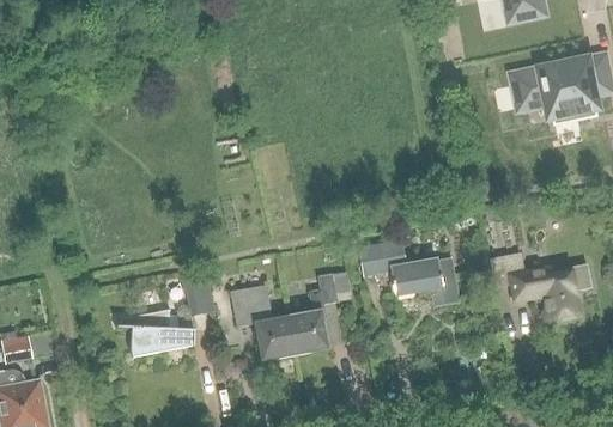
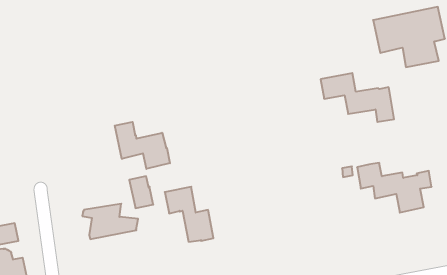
building: none -> [115,122,170,169]
building: [358,240,457,306] -> [321,73,394,122]
building: [289,274,336,355] -> none

